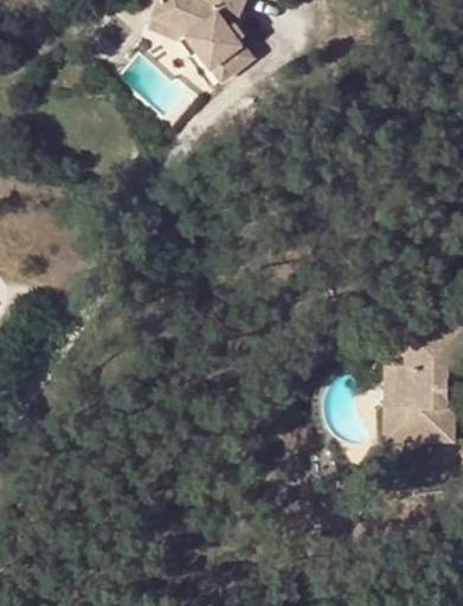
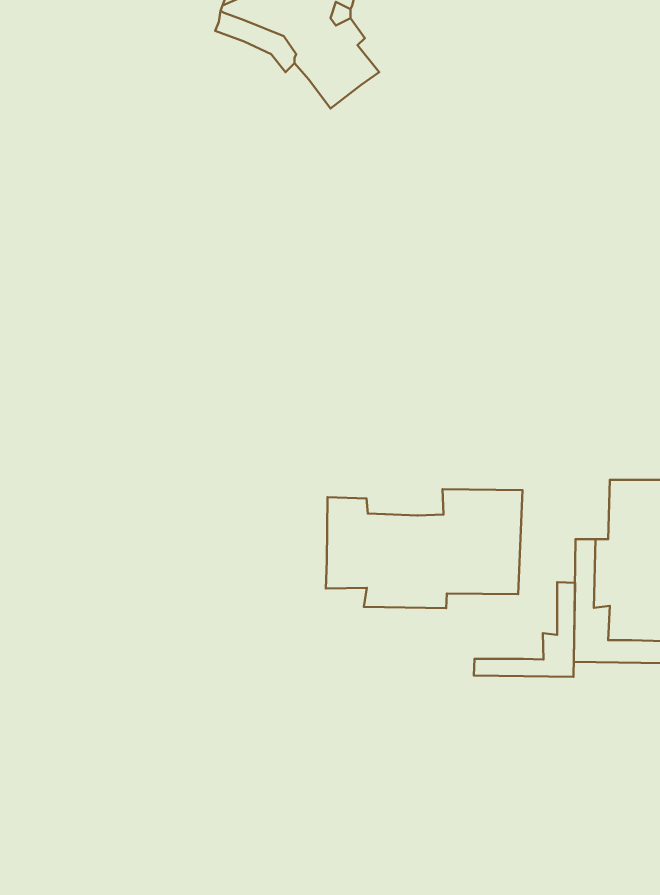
building: none -> [326,489,522,608]
building: none -> [474,582,575,677]

